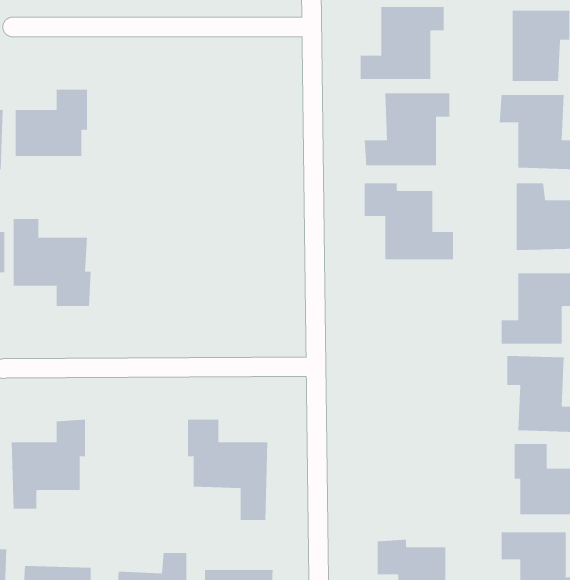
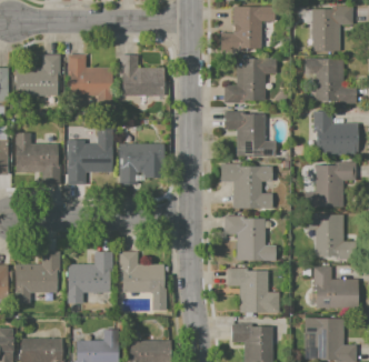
building: none -> [68,56,114,107]
building: none -> [120,56,164,95]
building: none -> [67,132,112,184]
building: none -> [120,142,161,183]
building: none -> [221,162,272,208]
building: none -> [225,215,277,261]
building: none -> [68,251,111,303]
building: none -> [226,268,279,313]

